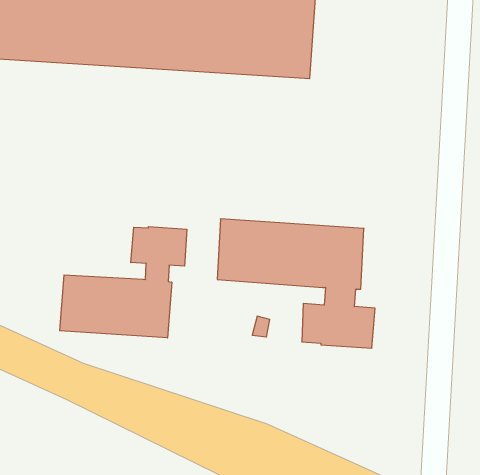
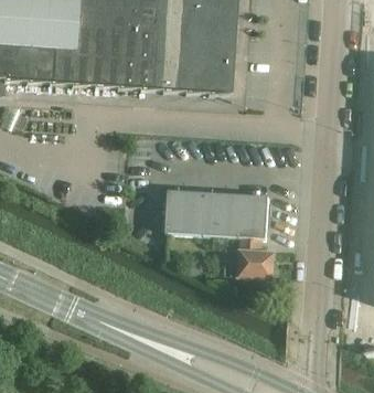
building: [60,227,187,338] -> none

